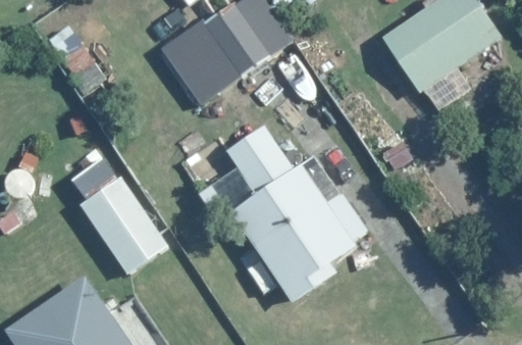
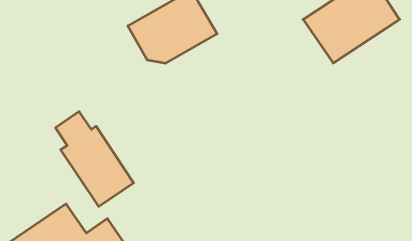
building: [223,121,354,303] -> none

